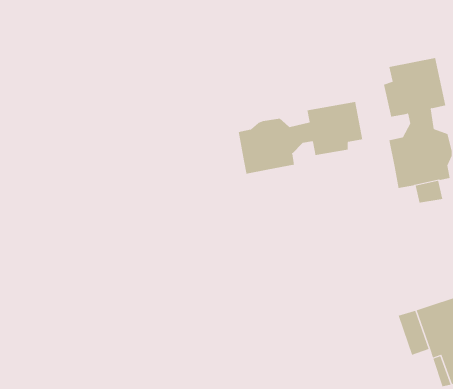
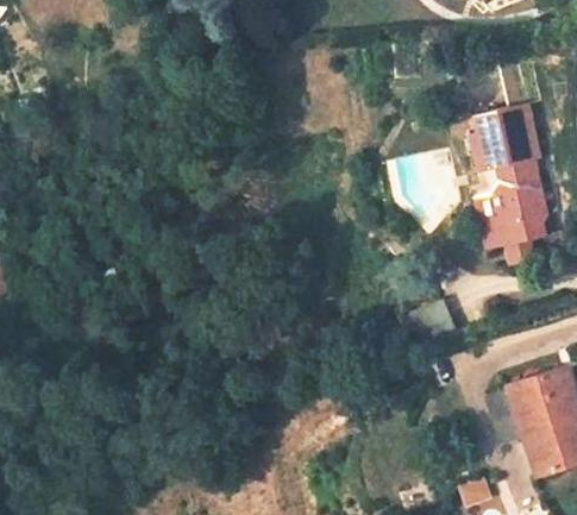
building: [238,101,363,175] -> none

